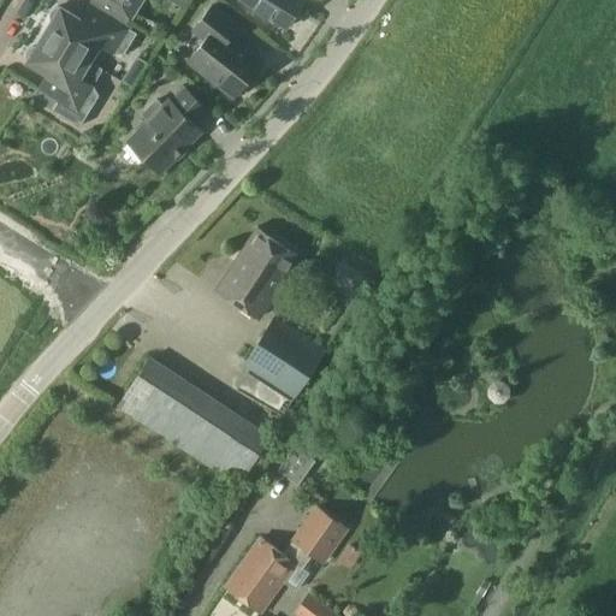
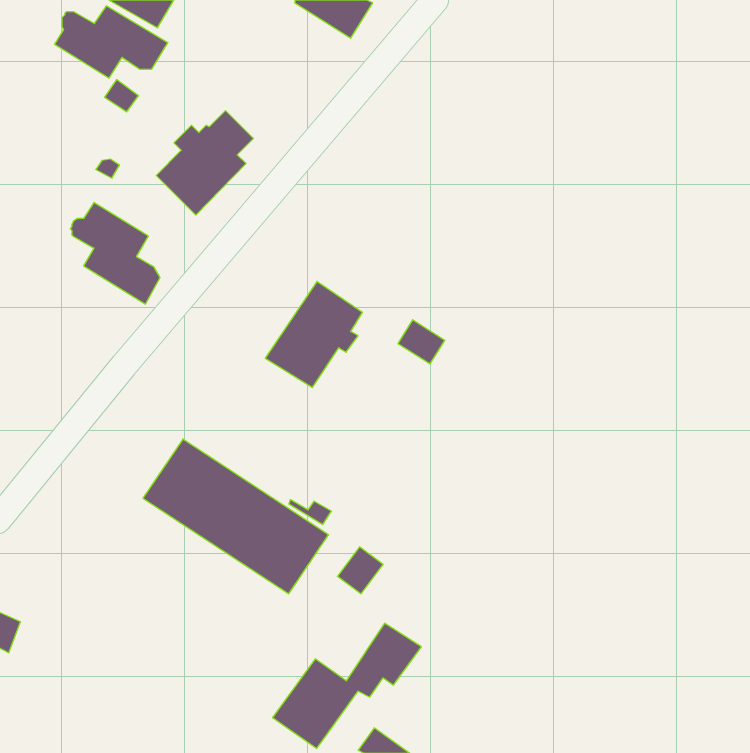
building: [189,7,261,99] -> none
building: [25,36,99,119] -> [70,202,160,304]
building: [244,320,321,396] -> none

